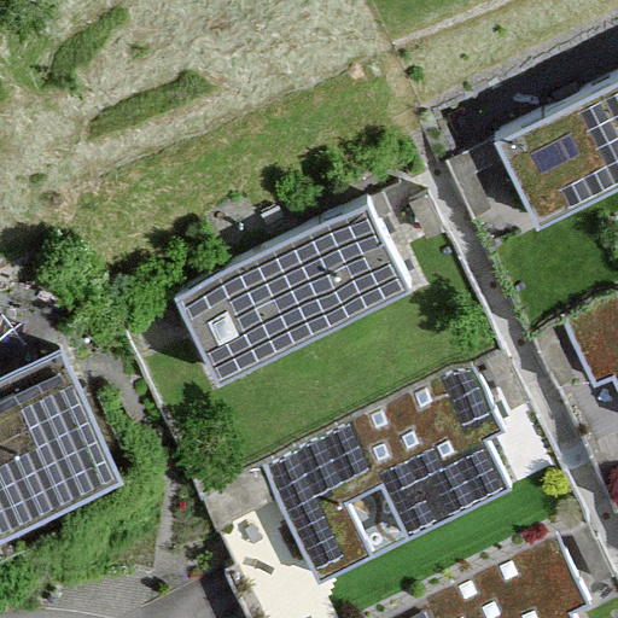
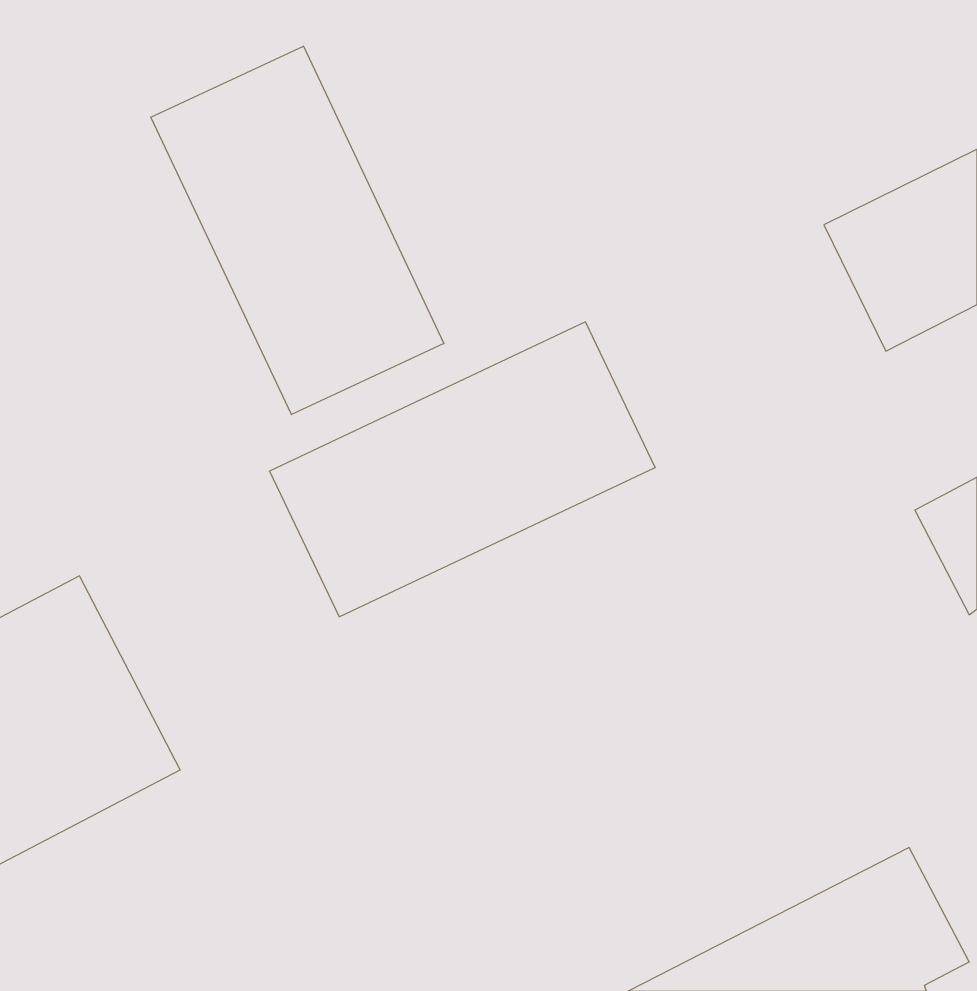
building: none -> [151,46,444,415]
building: [286,367,520,572] -> none

